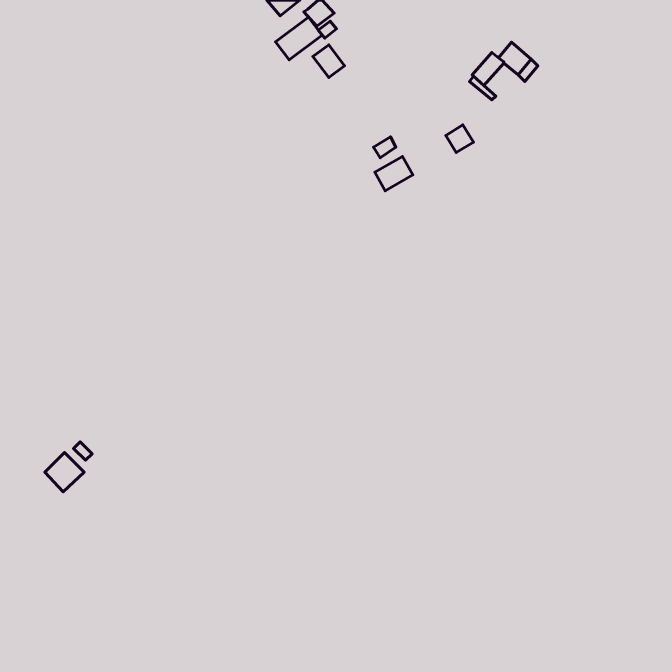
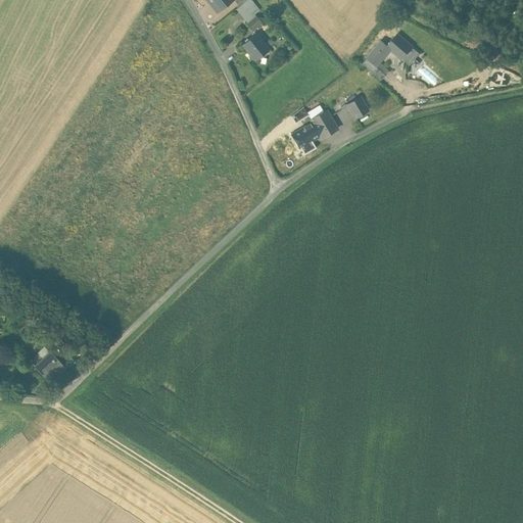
building: [276,17,322,60] -> none
building: none -> [311,110,337,138]

